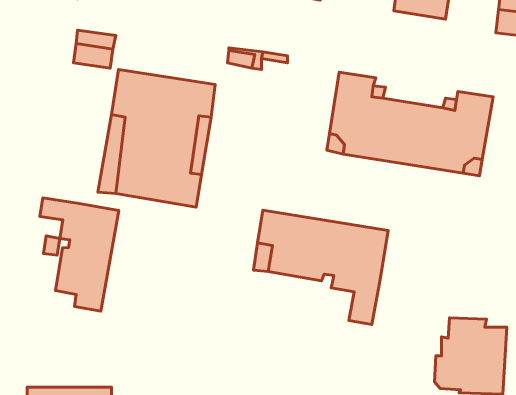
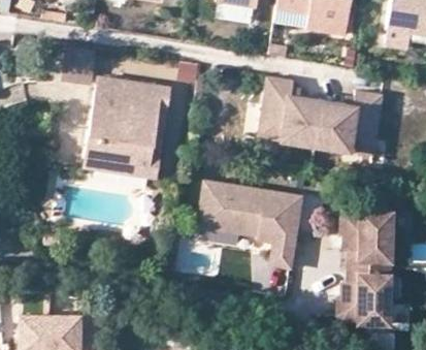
building: [40,198,119,311] -> none
building: none -> [339,206,393,263]

